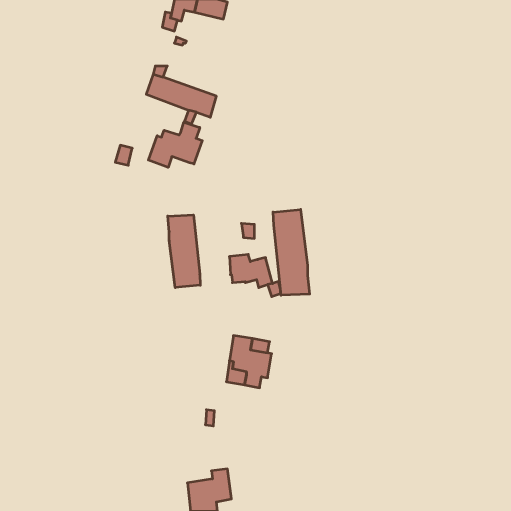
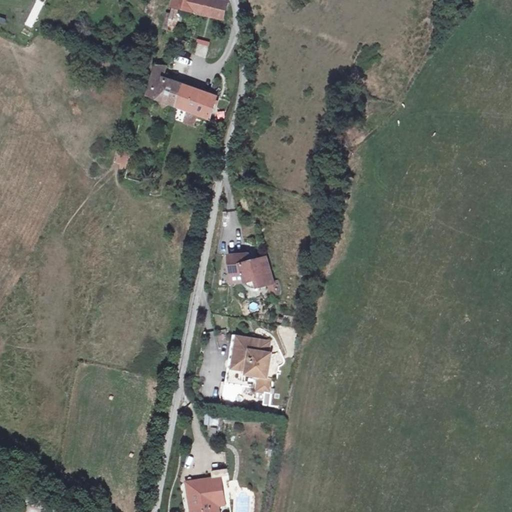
building: [148,122,202,167] -> none
building: [273,209,310,295] -> none
building: [168,215,200,288] -> none

